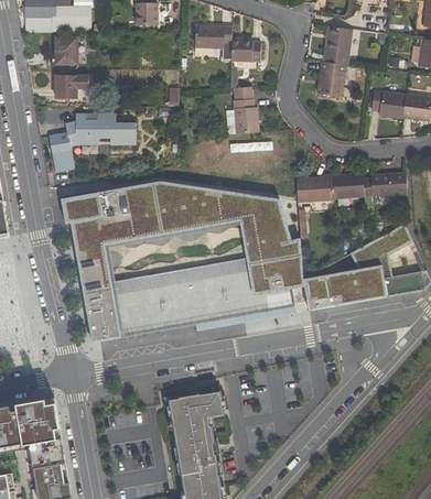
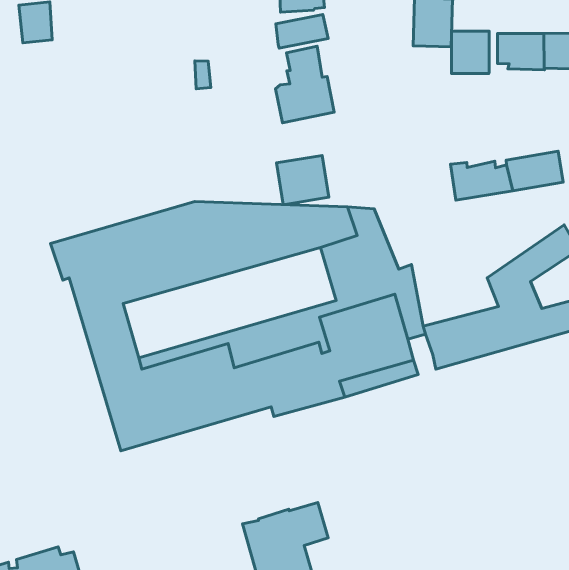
building: none -> [276,14,328,48]
building: [55,75,86,98] -> none
building: none -> [451,31,489,73]
building: [47,112,134,172] -> none
building: none -> [276,155,329,205]
building: [294,174,333,202] -> none

